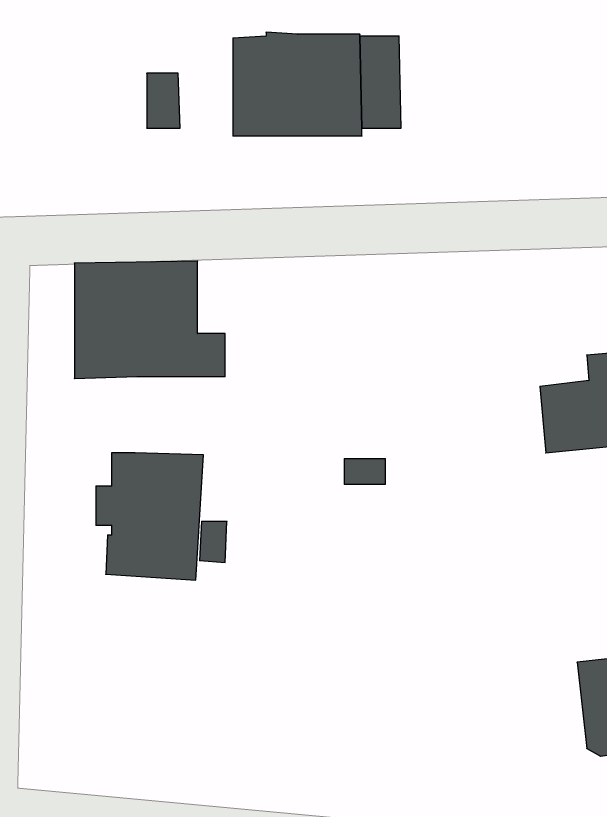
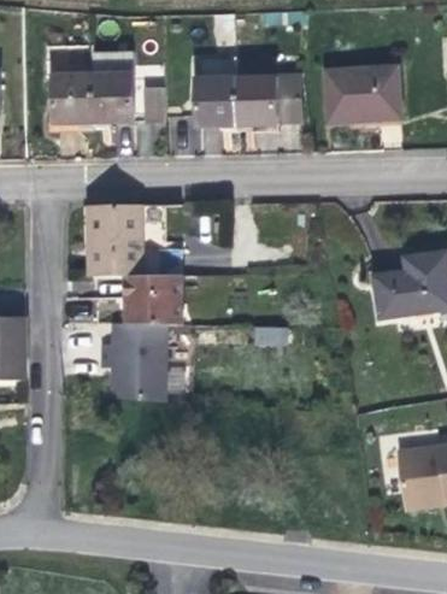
building: none -> [48,52,125,125]
building: none -> [330,70,402,124]
building: none -> [127,275,184,323]

